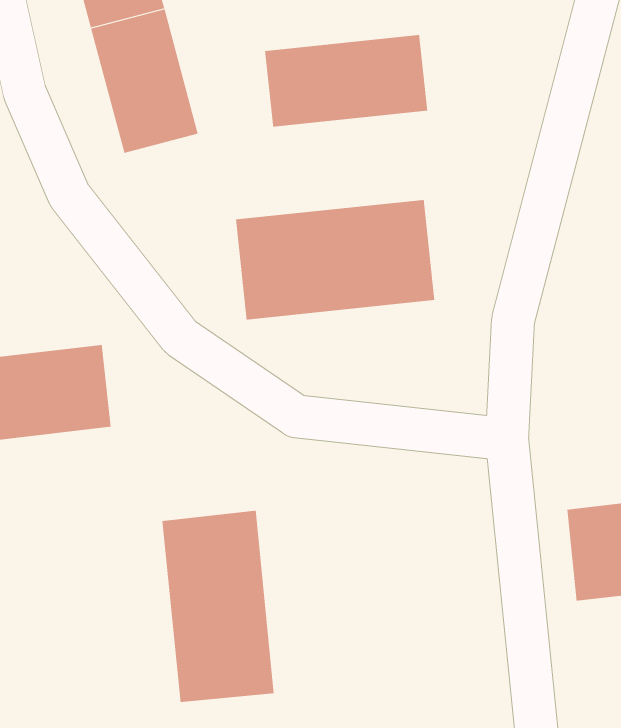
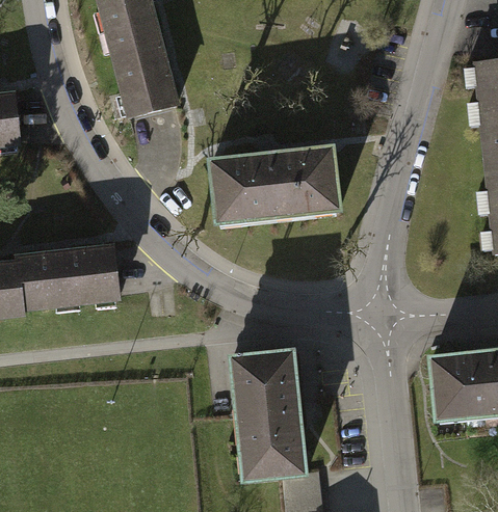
building: [265,34,428,127] -> none
building: [162,510,275,703] -> [228,349,305,480]

